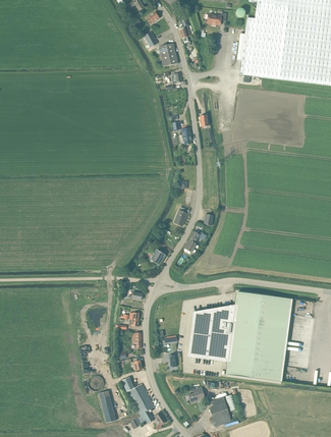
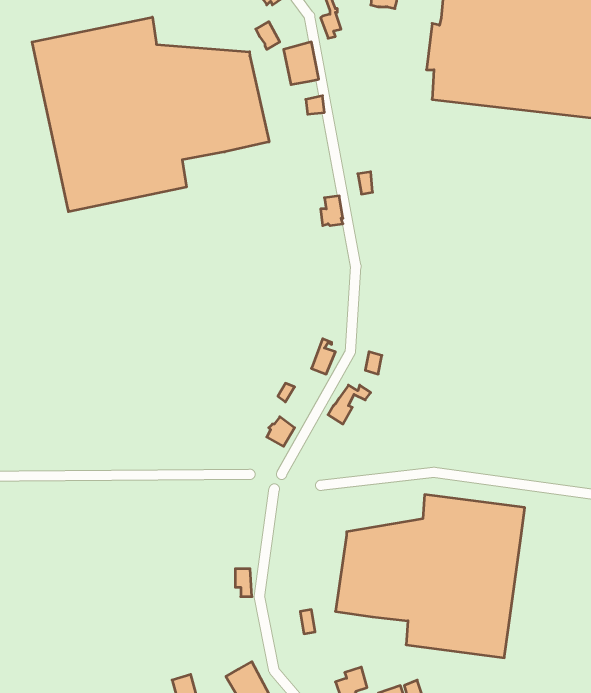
building: none -> [32,17,269,212]

